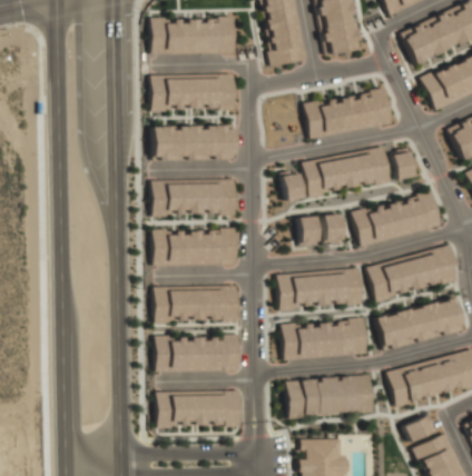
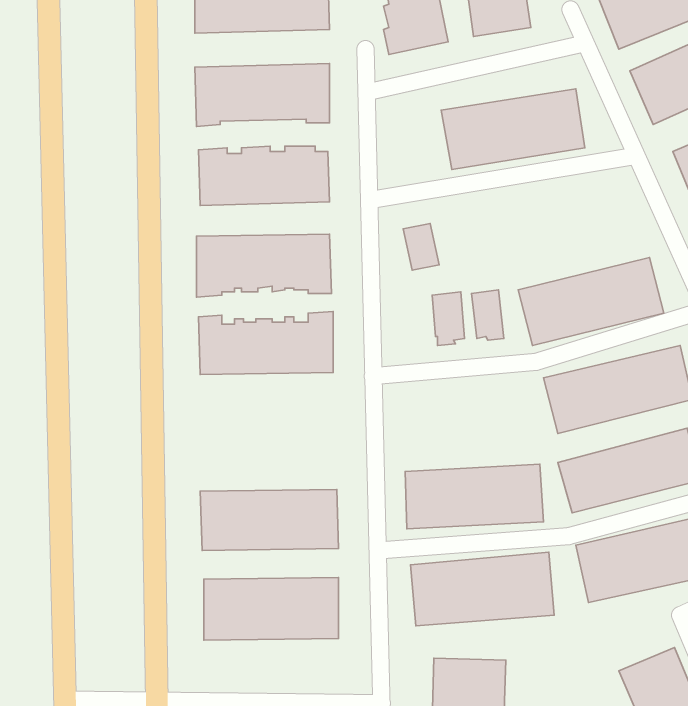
building: [302,148,414,197] -> none
building: [277,270,362,309] -> none
building: [154,287,238,324] -> none
building: [403,416,437,444] -> none

